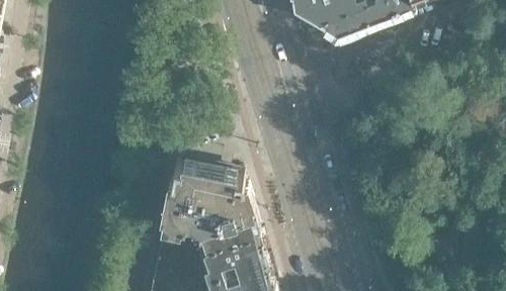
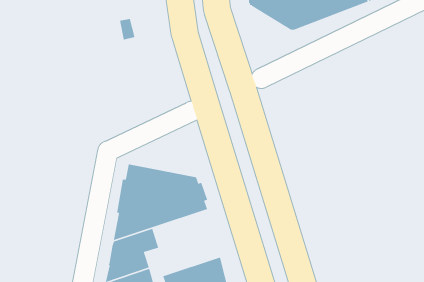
building: [197,210,264,276] -> none

